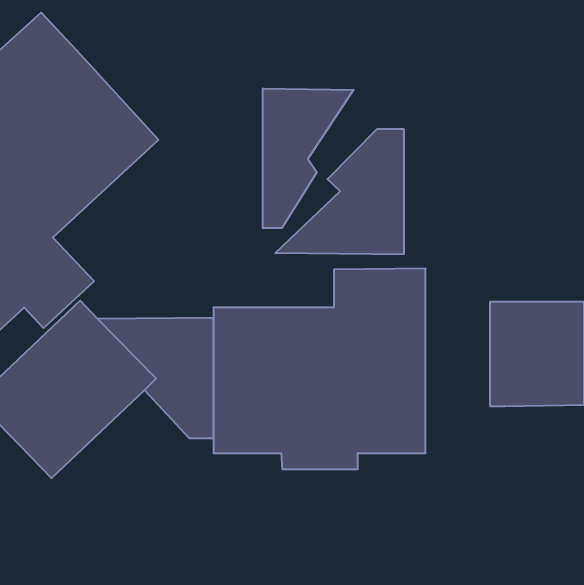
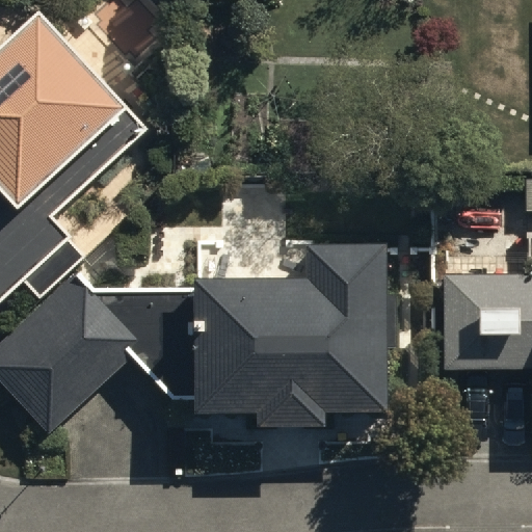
building: [263,88,354,228] -> none
building: [275,129,404,254] -> none

